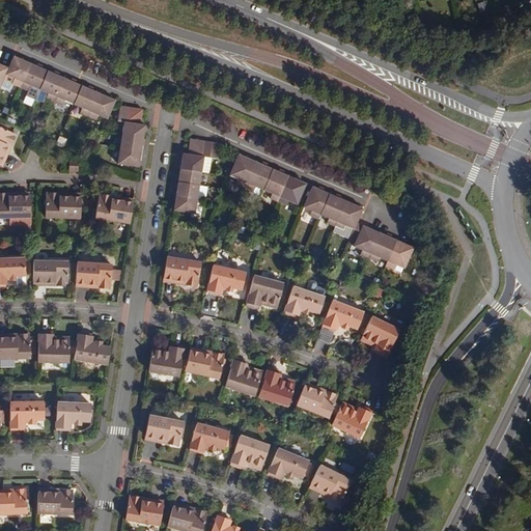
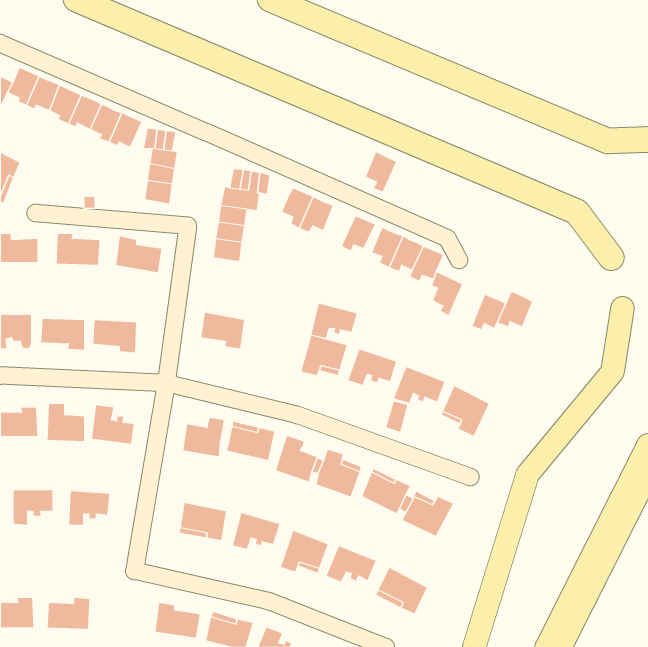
building: [264,168,290,201] -> [365,151,397,192]
building: [367,232,396,261] -> [497,291,533,327]
building: [207,263,246,292] -> [310,303,357,339]

